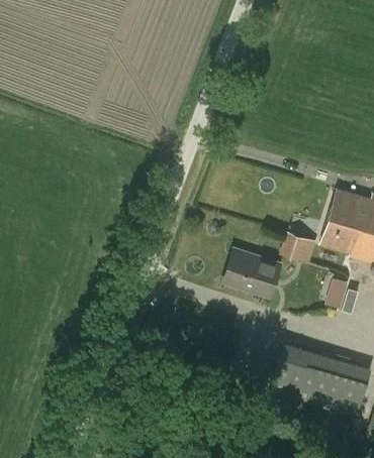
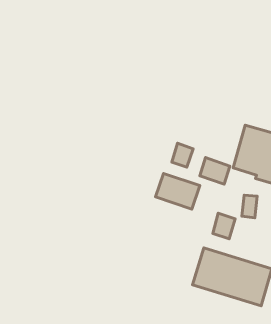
building: none -> [172,143,193,167]
building: none -> [213,213,235,239]

